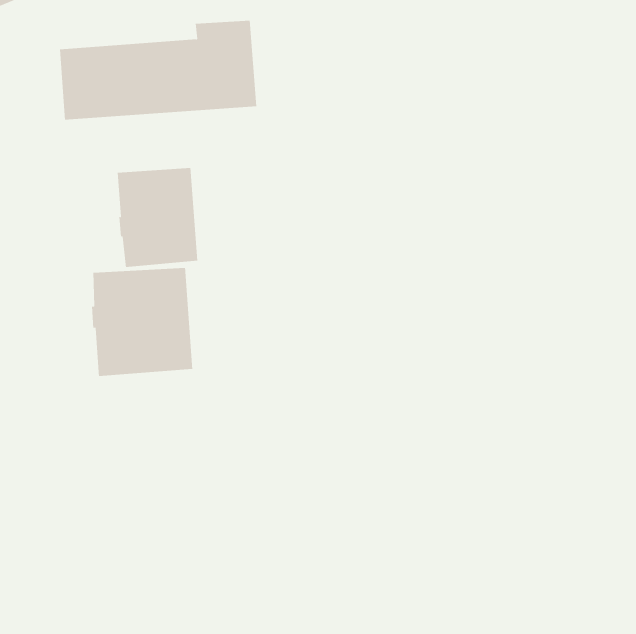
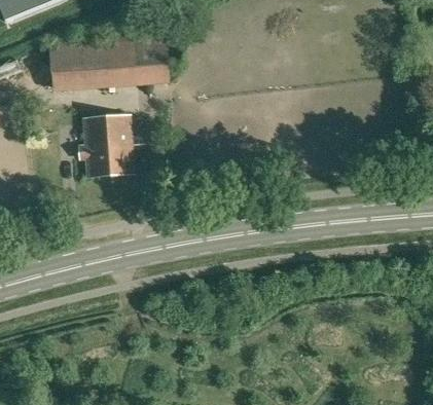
building: [92,267,193,377] -> none

